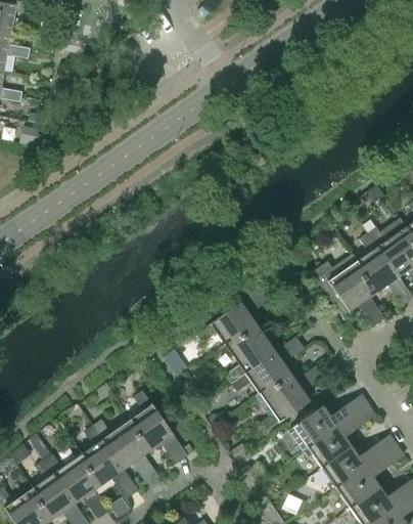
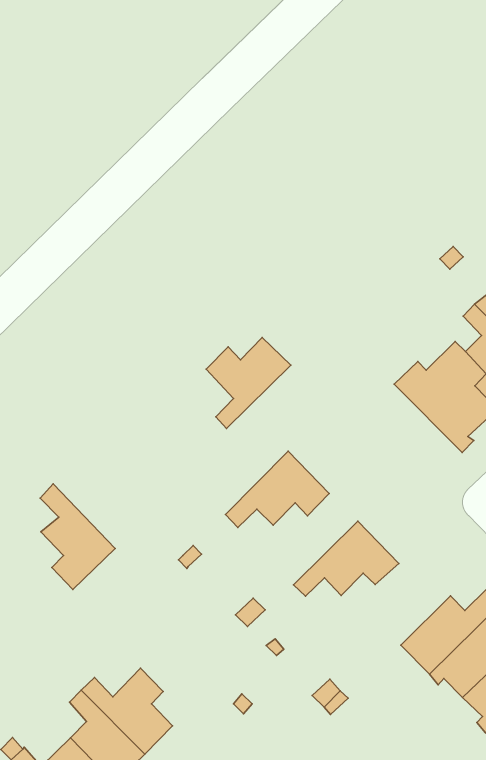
building: [225,332,276,383] -> [206,338,291,429]
building: [256,381,311,432] -> none
building: [131,390,174,455] -> [40,484,115,590]

